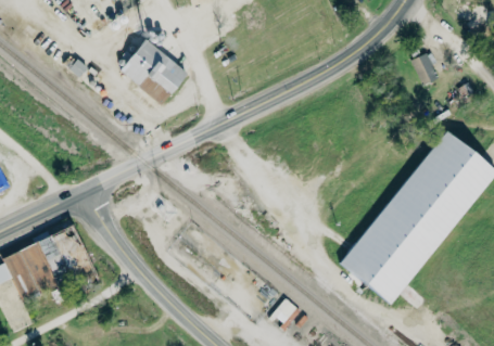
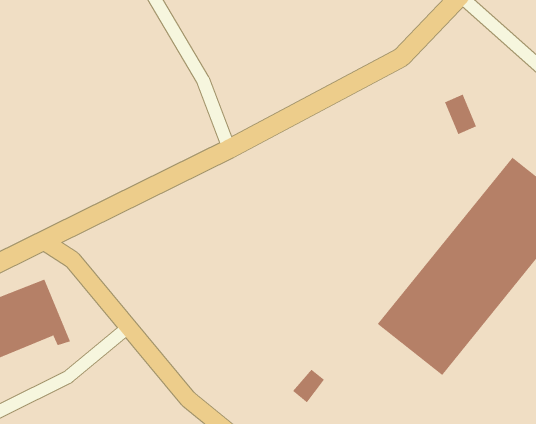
building: [121,40,187,104] -> none
building: [413,54,439,87] -> [444,94,477,135]

